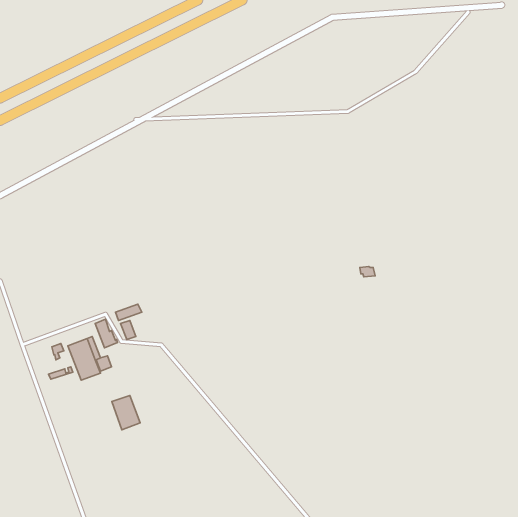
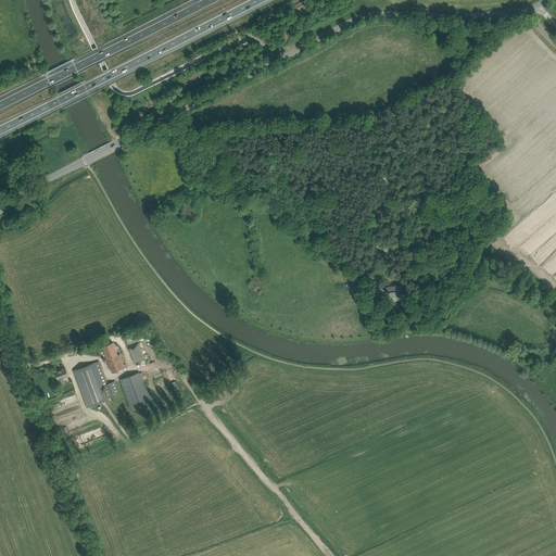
building: [112,395,140,430] -> [119,374,150,410]

